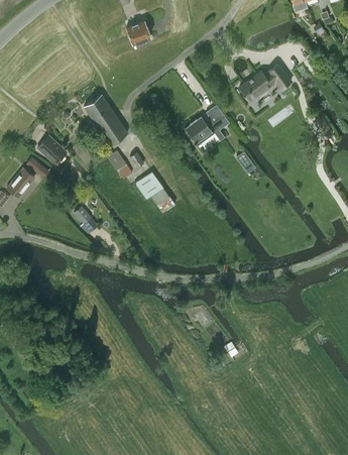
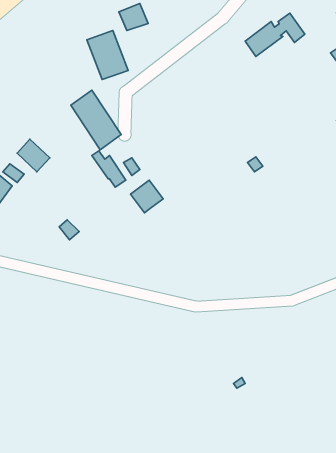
building: none -> [87,31,128,80]
building: [240,65,292,102] -> [245,13,305,56]
building: [185,105,230,146] -> none

